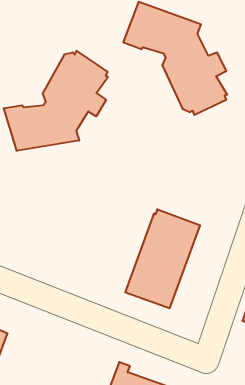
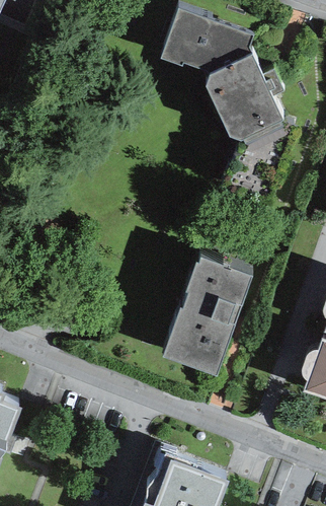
building: [4,51,108,151] -> none

